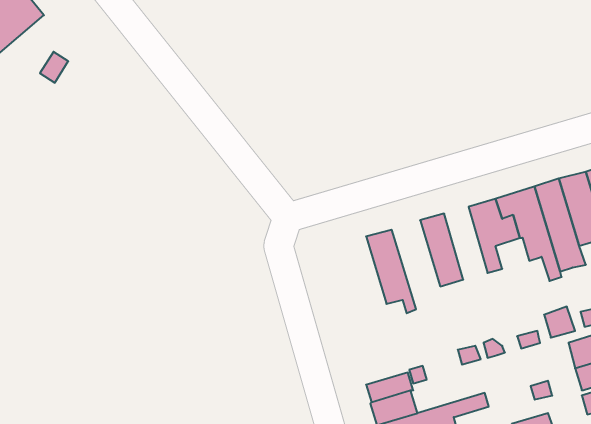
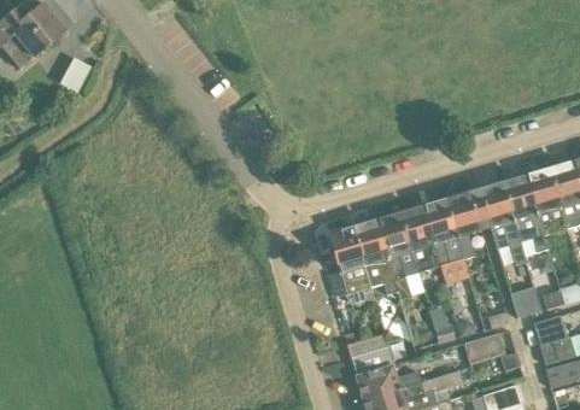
building: none -> [422,200,465,283]
building: none -> [375,212,418,301]
building: none -> [329,227,370,294]
building: none -> [463,333,504,362]

